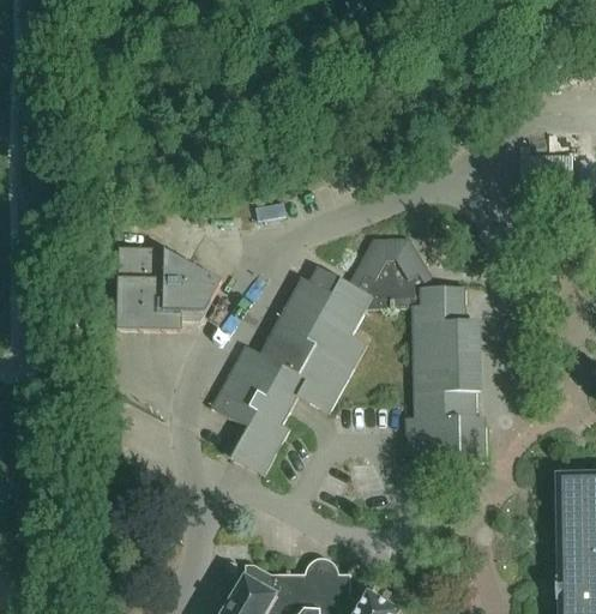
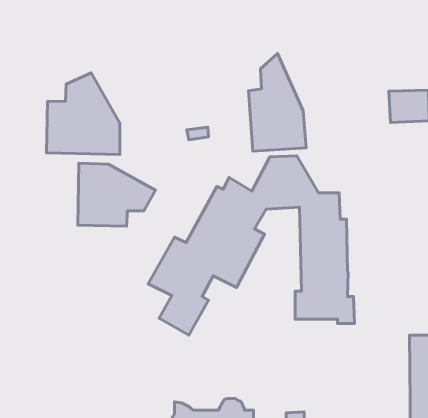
building: none -> [248,53,306,151]
building: none -> [46,73,120,154]

